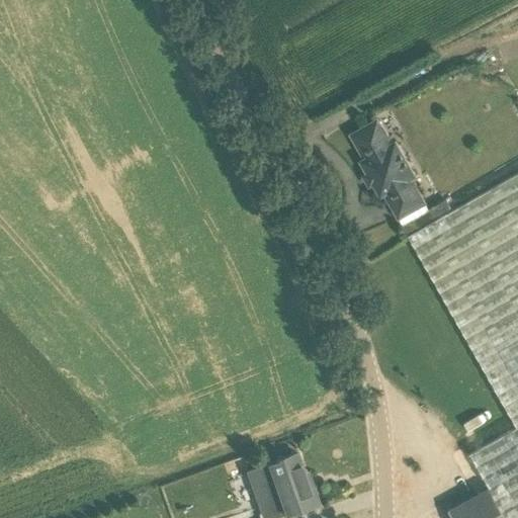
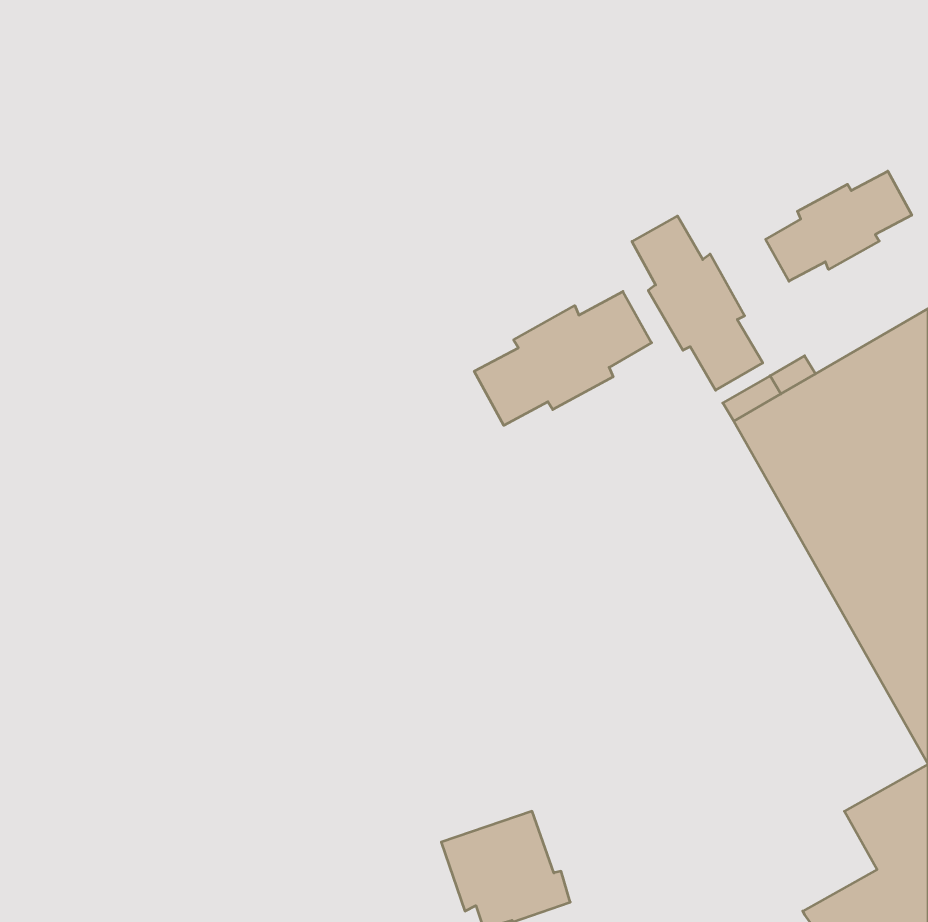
building: none -> [766,171,912,281]
building: none -> [474,291,652,425]

